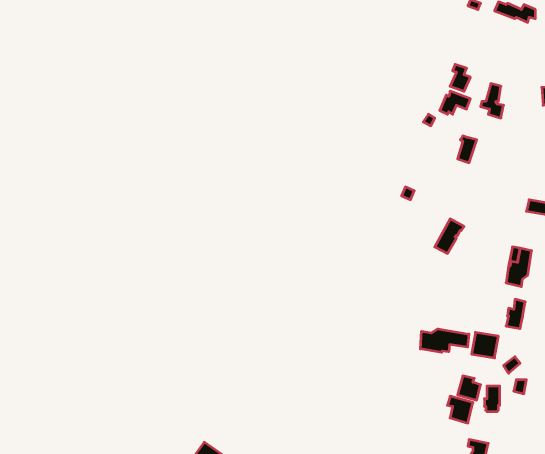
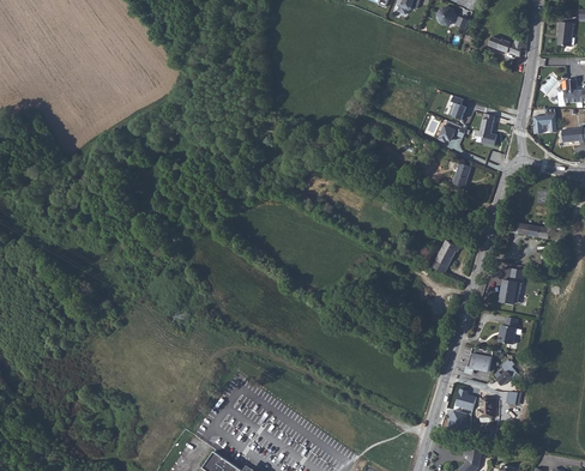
building: [420,329,469,352] -> none

